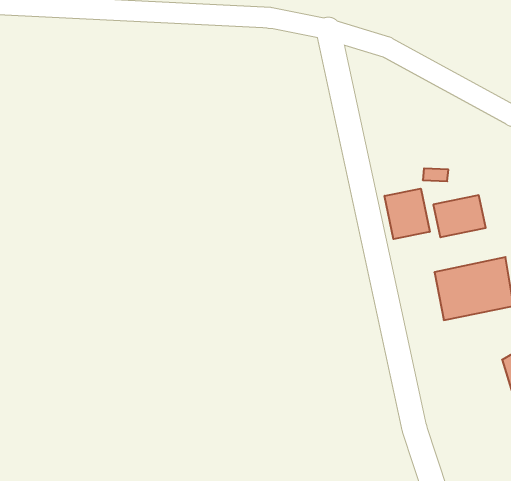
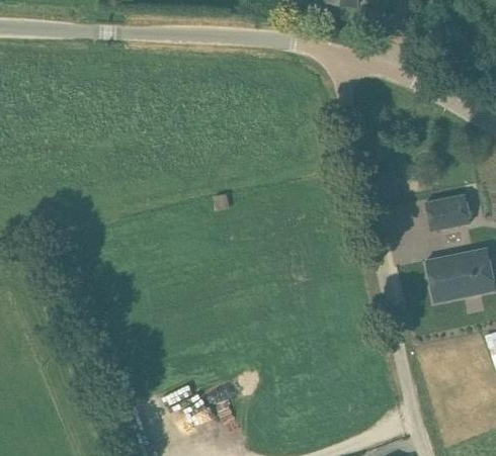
building: [385,189,430,239] -> none

